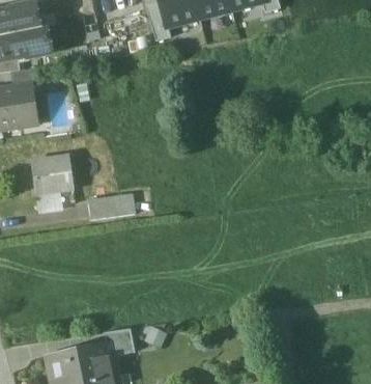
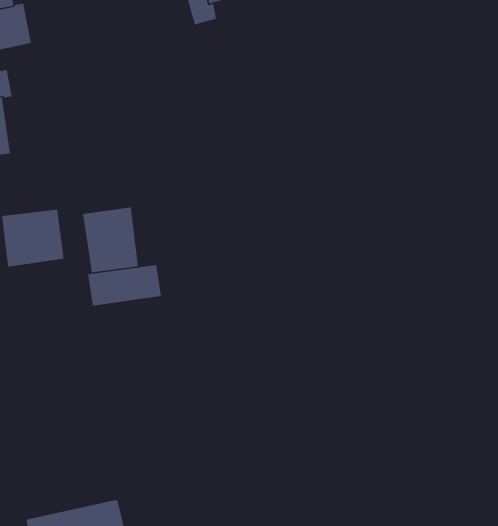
building: none -> [82,207,139,273]
building: [103,328,135,356] -> none

